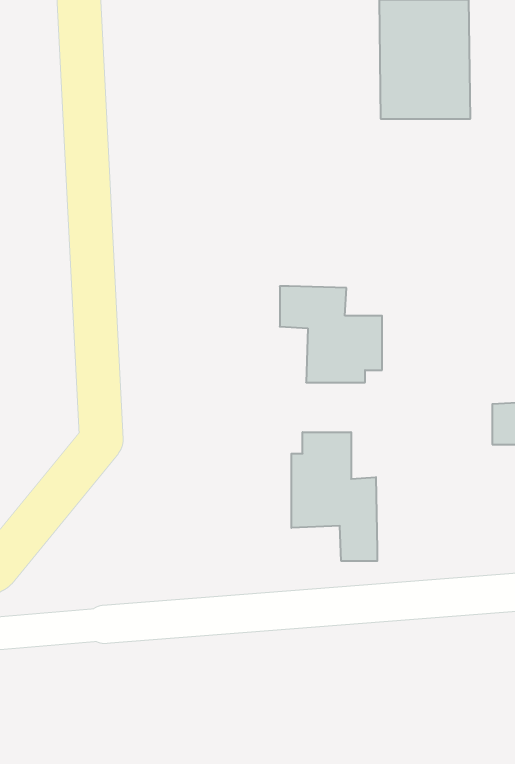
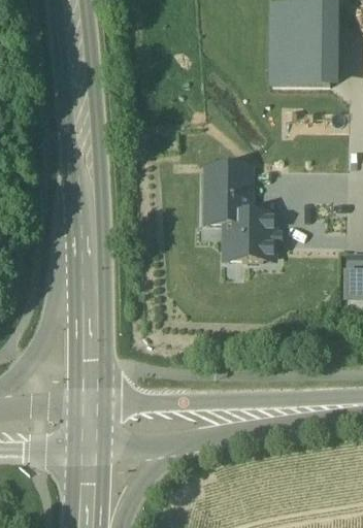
building: none -> [211,163,250,192]
building: [291,432,377,561] -> none

